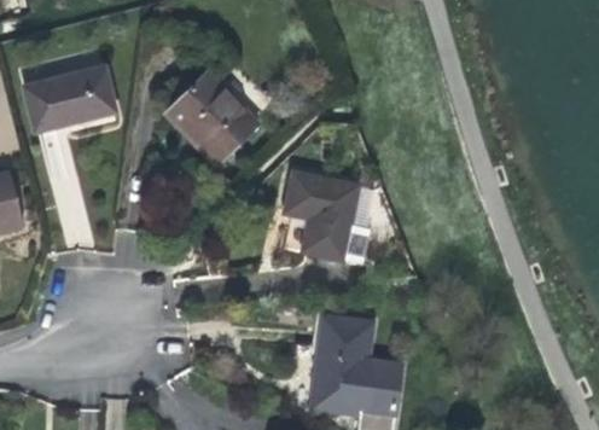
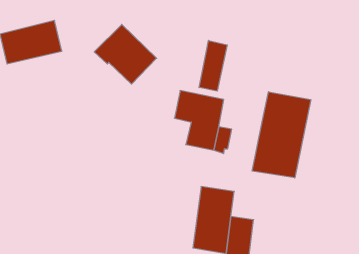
building: none -> [199,40,227,91]
building: none -> [252,92,311,178]

